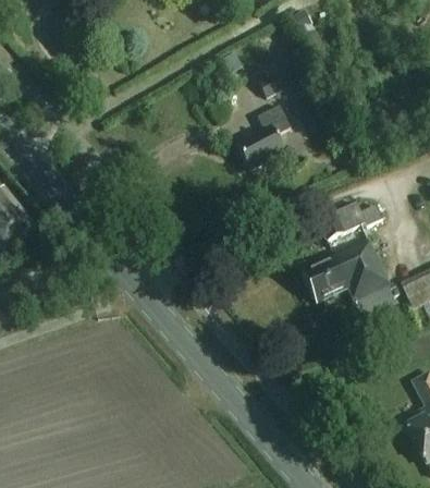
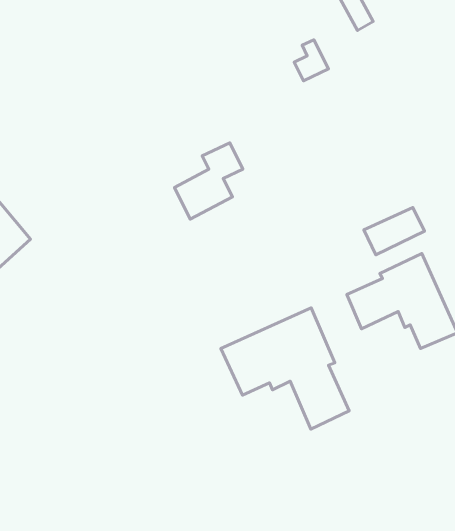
building: [234,105,291,168] -> [174,143,243,219]
building: none -> [221,308,349,429]

